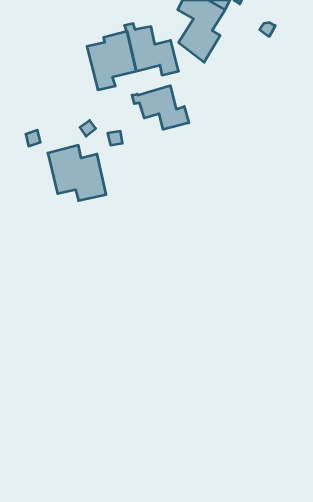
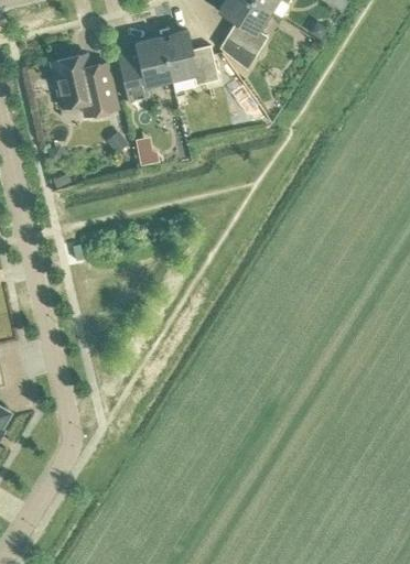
building: [132,86,189,129] -> none
building: [48,145,106,201] -> [51,54,116,116]

